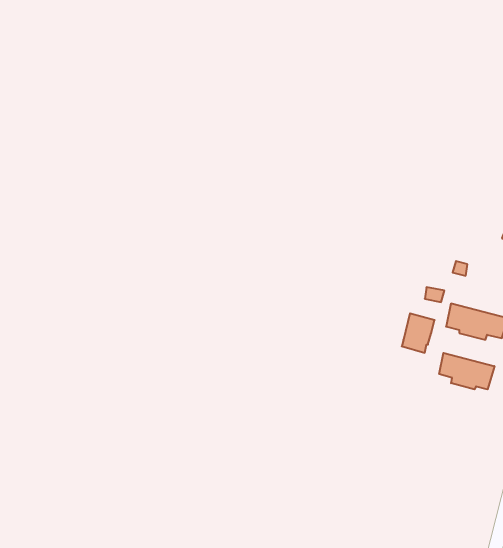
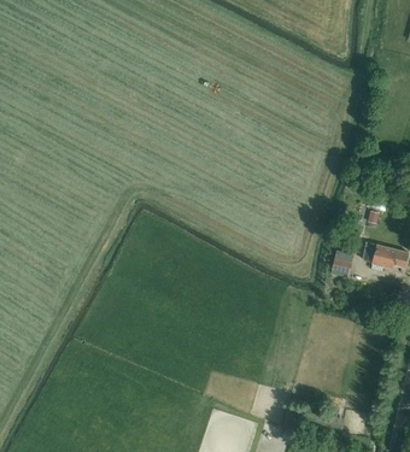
building: [439,353,494,389] -> none

